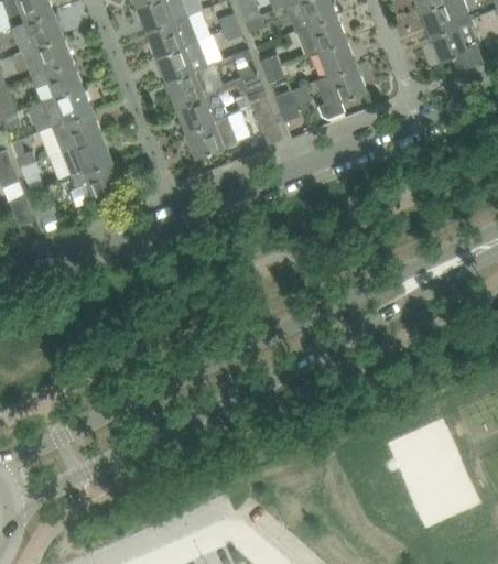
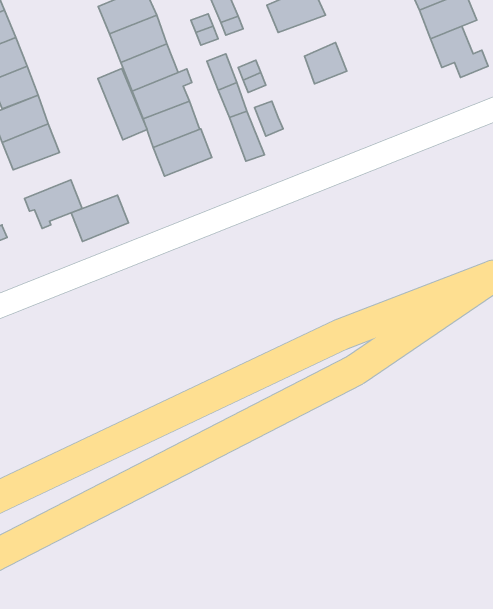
building: [294,14,345,54] -> none
building: none -> [98,68,147,140]
building: [314,64,365,117] -> none
building: [61,135,111,176] -> [71,195,129,242]

